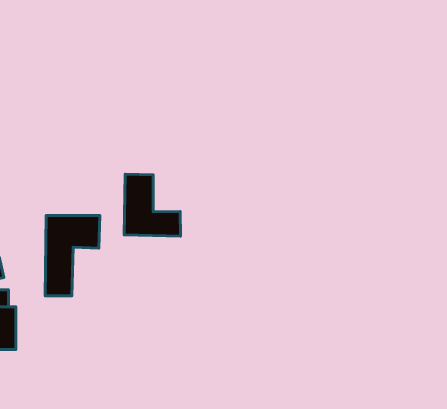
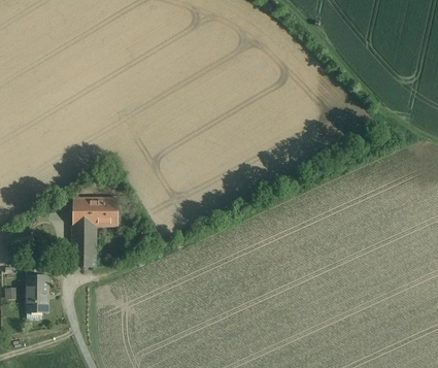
building: [124,174,181,236] -> none

